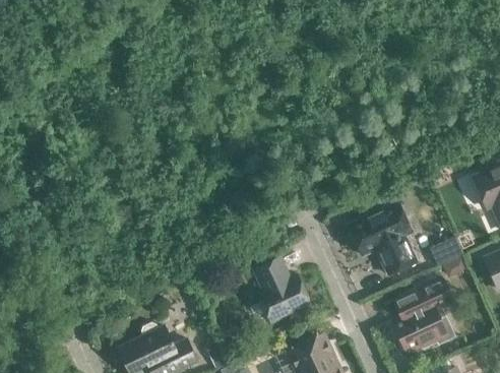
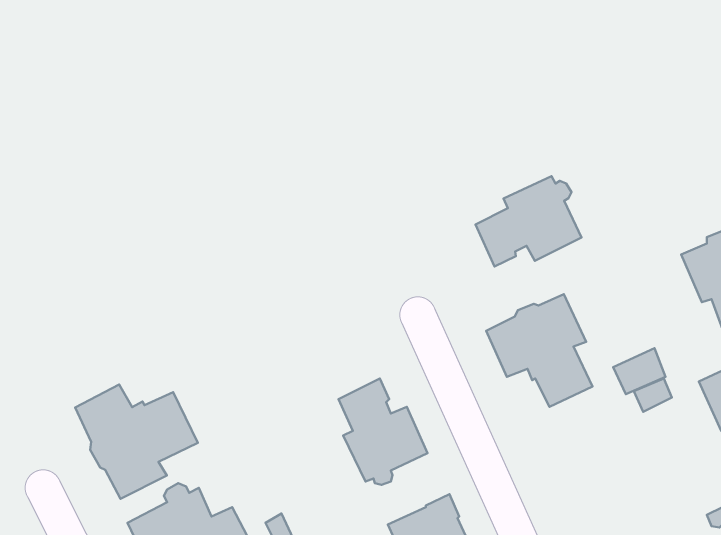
building: none -> [476,176,581,266]
building: none -> [75,385,198,499]
building: [392,279,452,353] -> none

